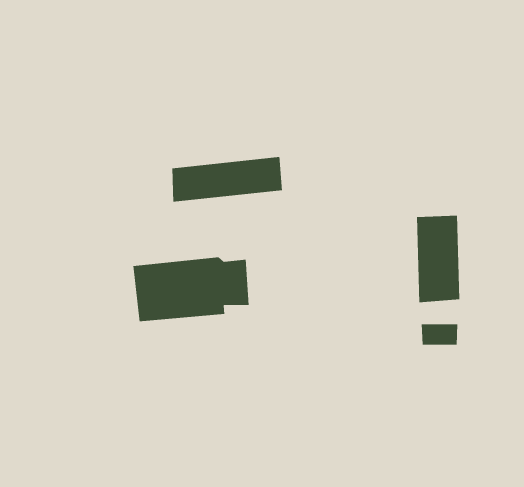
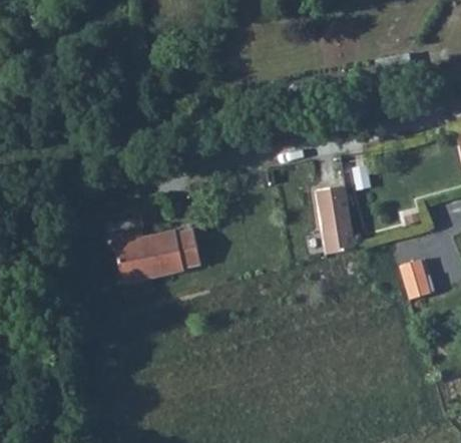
building: [172,156,283,202] -> none

